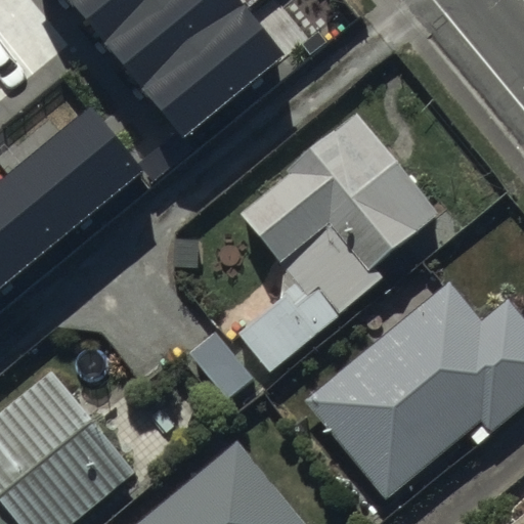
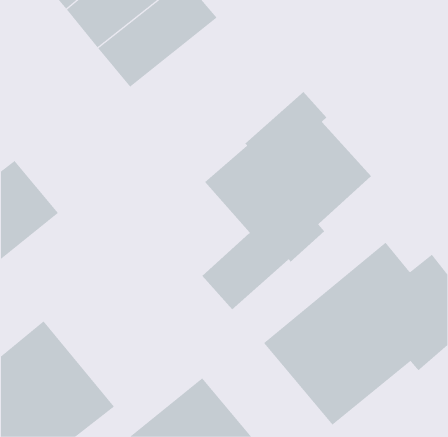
building: [151,20,291,148] -> none
building: [17,121,149,249] -> none

